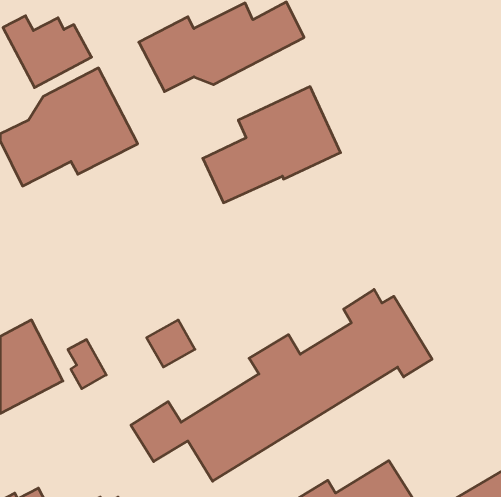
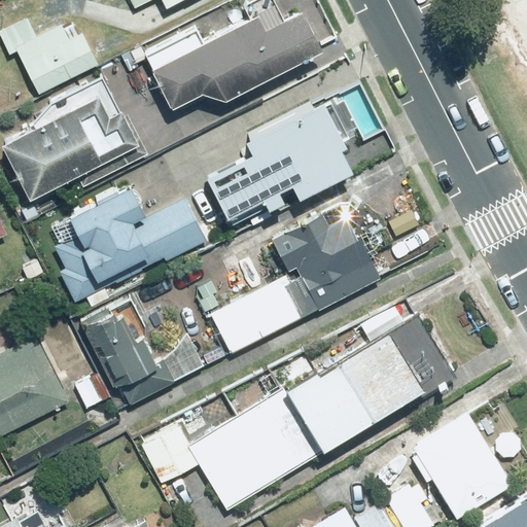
building: none -> [50,187,211,312]
building: none -> [213,218,379,352]
building: none -> [79,308,155,389]
building: none -> [410,415,511,521]

